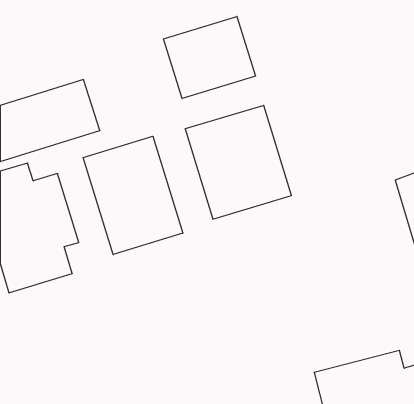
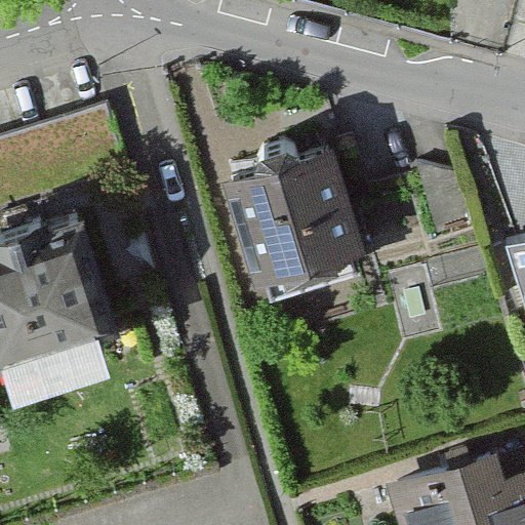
building: [163,16,256,99] -> none
building: [83,136,183,255] -> none

